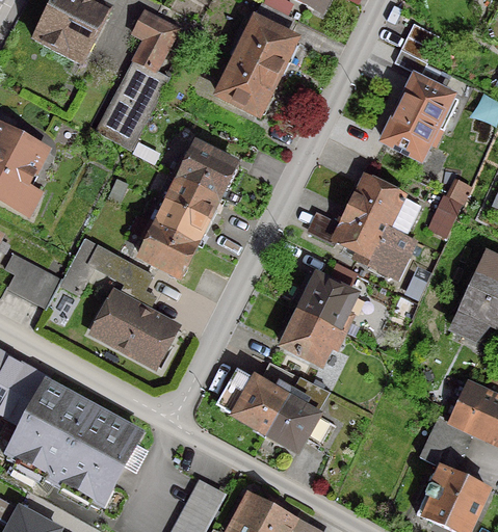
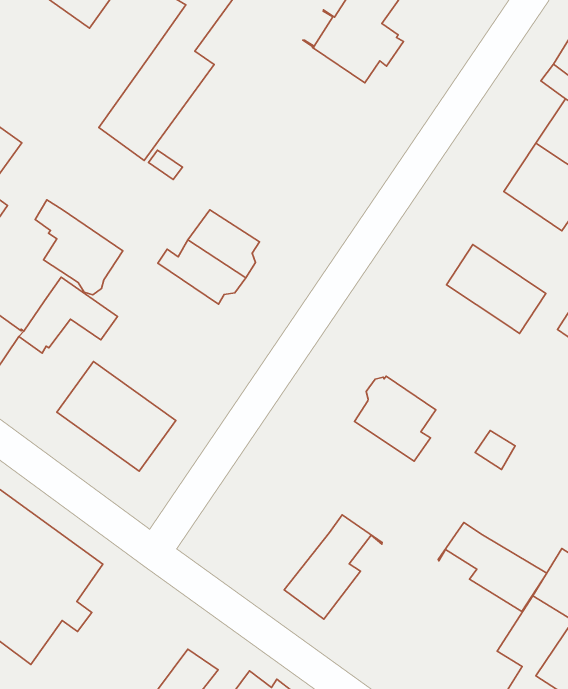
building: [217,56,274,113] -> none
building: [171,144,236,195] -> none
building: [334,208,413,274] -> none
building: [130,214,193,275] -> [35,200,123,295]
building: [279,311,343,364] -> none
building: [217,363,298,433] -> none
building: none -> [438,523,547,612]

